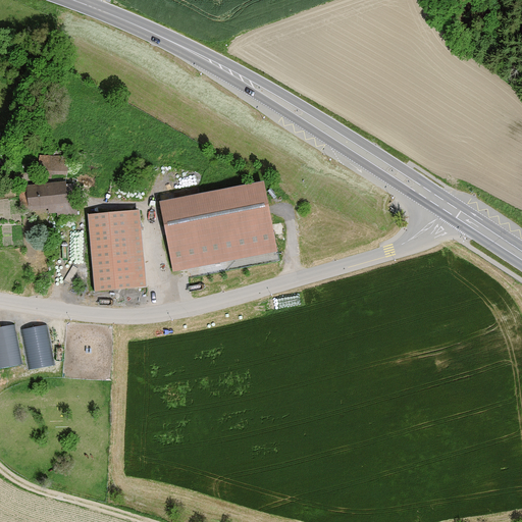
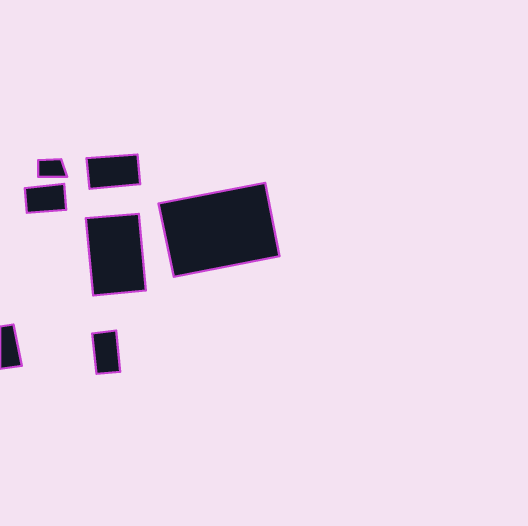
building: none -> [87,155,140,189]
building: [25,321,53,364] -> [92,331,120,374]

